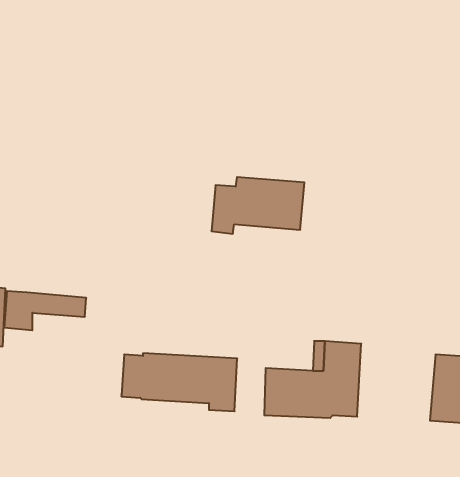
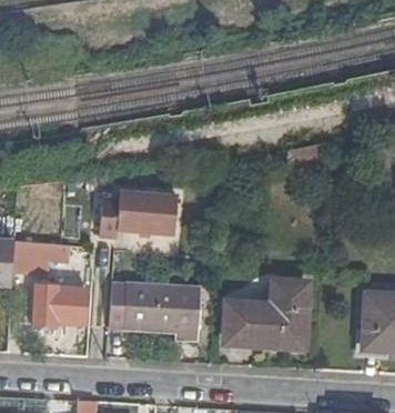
building: [211,177,304,234] -> [98,190,174,236]
building: none -> [34,281,85,326]

